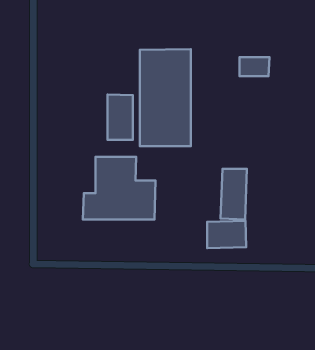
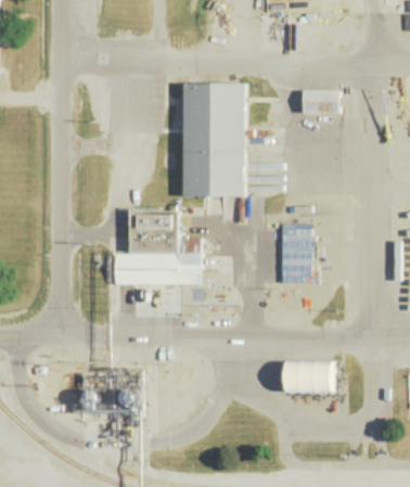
building: [107,95,133,140] -> none
building: [207,221,246,248] -> [286,361,333,394]

